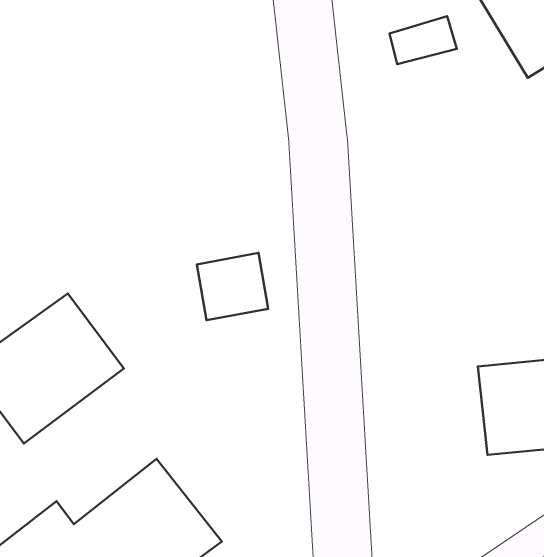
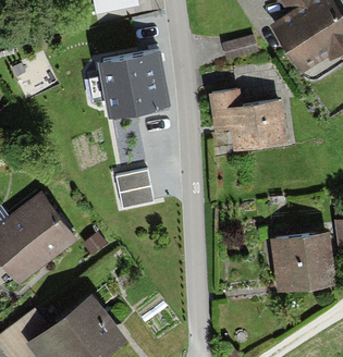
building: none -> [99,53,168,118]
building: none -> [209,91,290,151]

